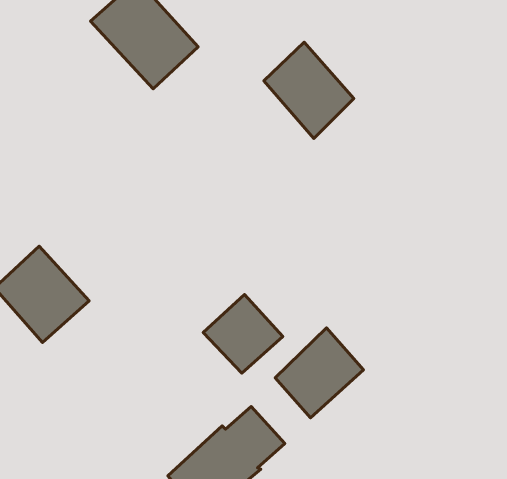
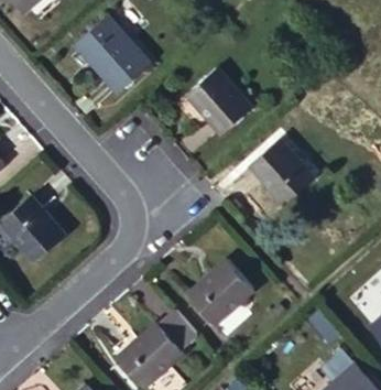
building: none -> [252,130,316,195]
building: [203,294,283,373] -> none

